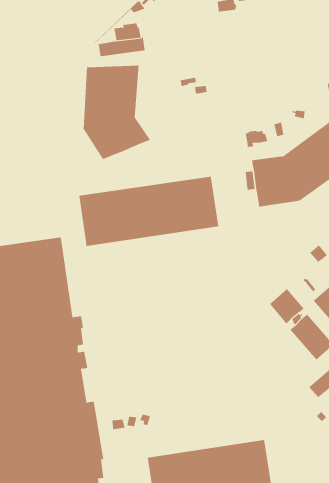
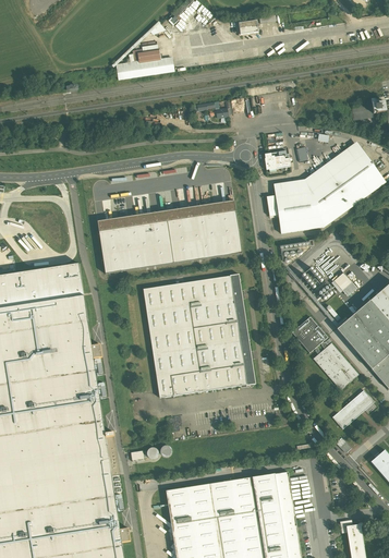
building: [83,65,151,160] -> none
building: none -> [143,274,256,398]

